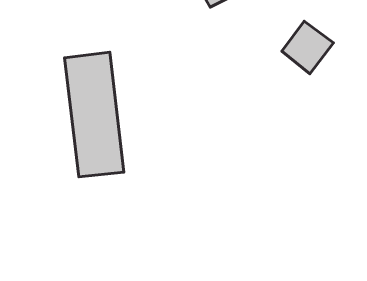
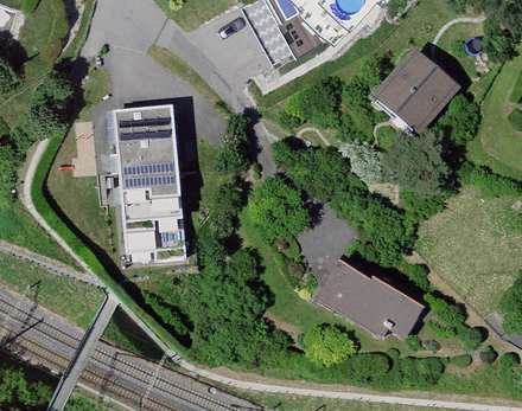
building: none -> [324,257,418,334]

